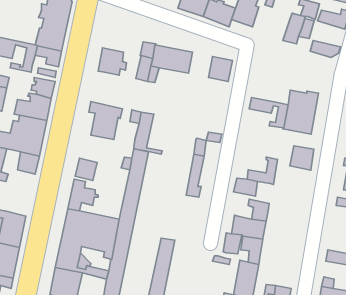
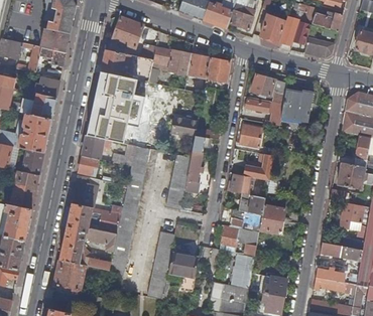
building: none -> [260,14,285,41]
building: none -> [112,15,143,46]
building: none -> [188,52,211,76]
building: none -> [103,71,135,100]
building: none -> [251,72,287,103]
building: none -> [171,117,198,136]
building: none -> [83,134,112,158]
building: [290,146,314,170] -> [239,124,262,147]
building: none -> [165,154,191,208]
building: none -> [11,170,39,209]
building: none -> [259,204,285,233]
building: none -> [169,253,199,277]

